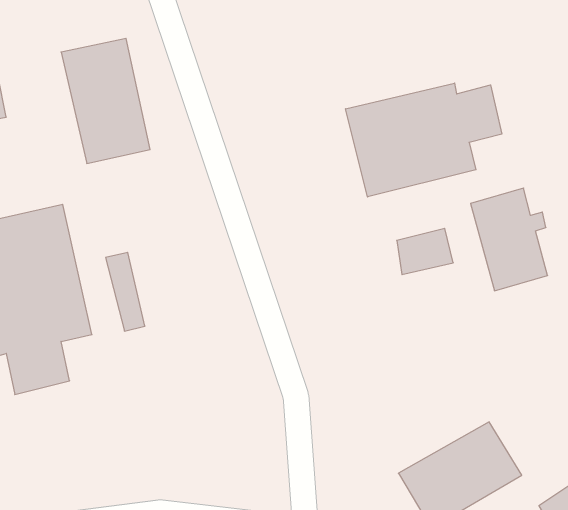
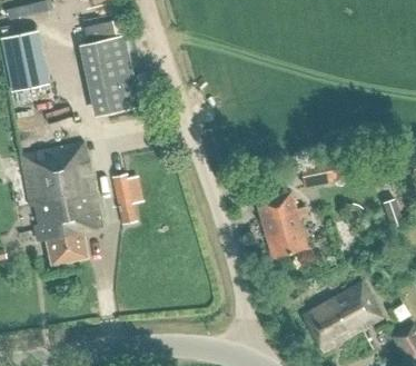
building: [346,83,502,197] -> none
building: [471,188,548,291] -> [258,190,308,257]

